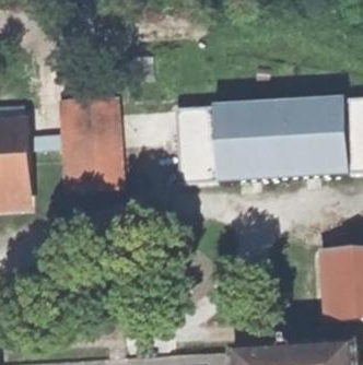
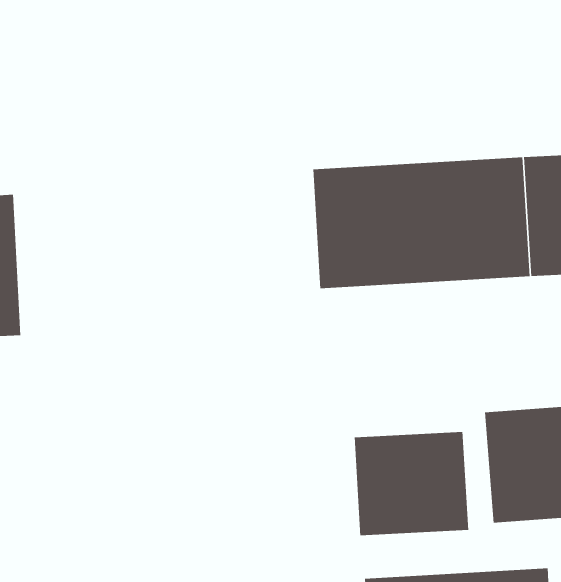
building: [62,97,121,189] -> none
building: [169,104,212,179] -> none
building: none -> [354,431,469,536]

